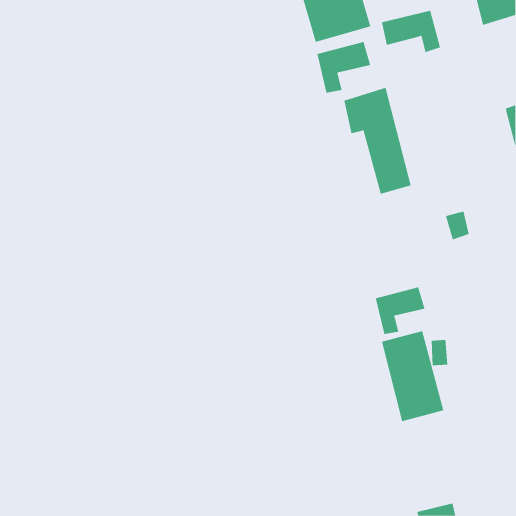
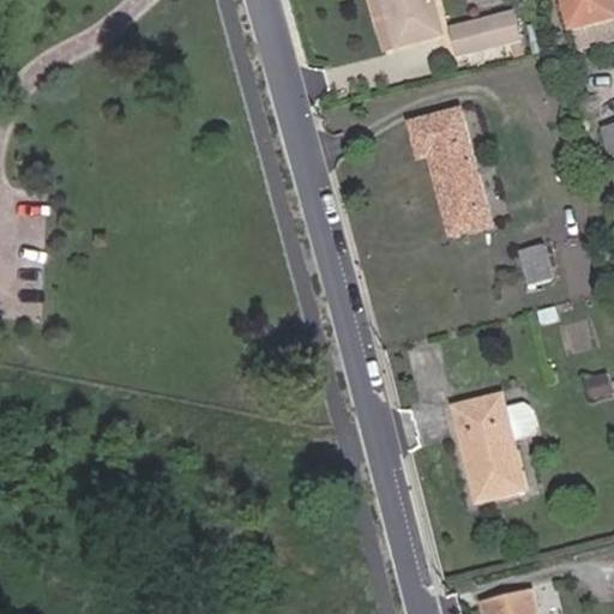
building: [317,41,371,93] -> none
building: [375,287,425,335] -> none

